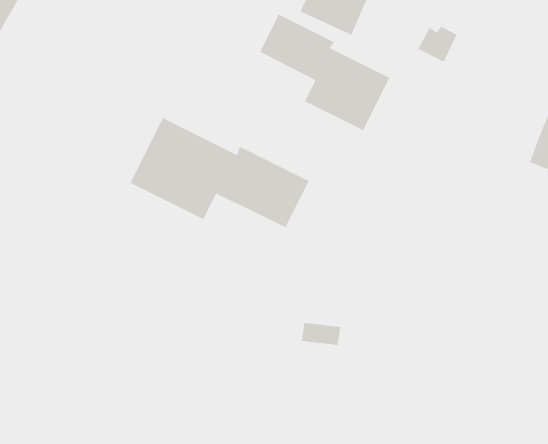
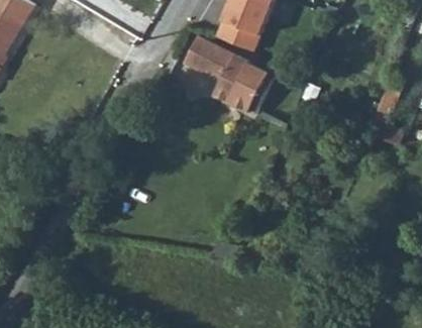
building: [130,117,310,228] -> none

